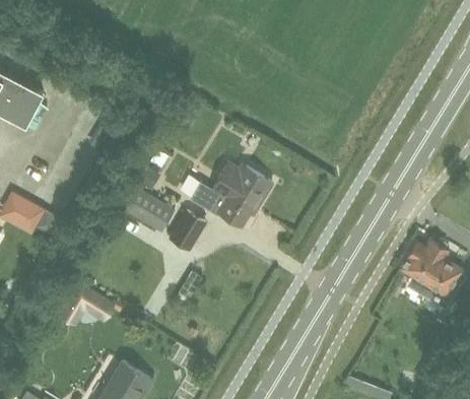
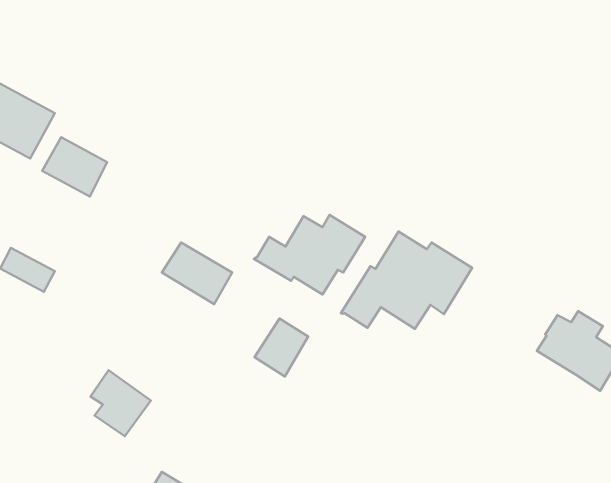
building: none -> [42,137,107,197]
building: none -> [341,231,472,329]
building: [167,211,207,254] -> [255,319,308,376]

